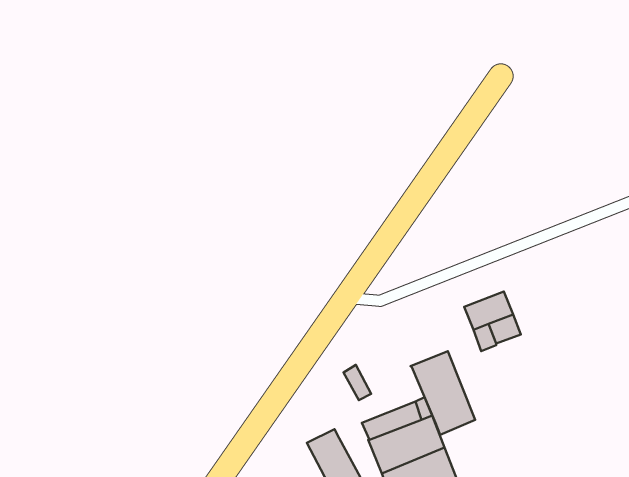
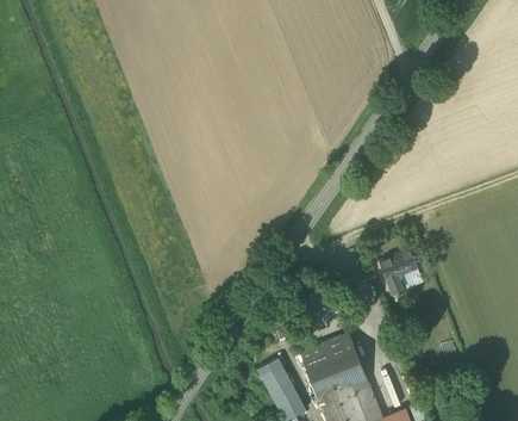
building: [411,351,475,435] -> none

